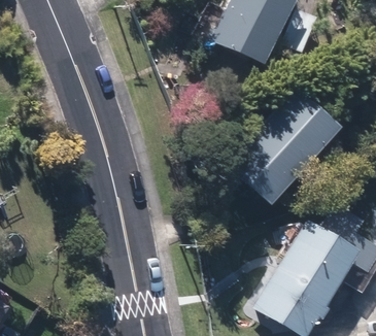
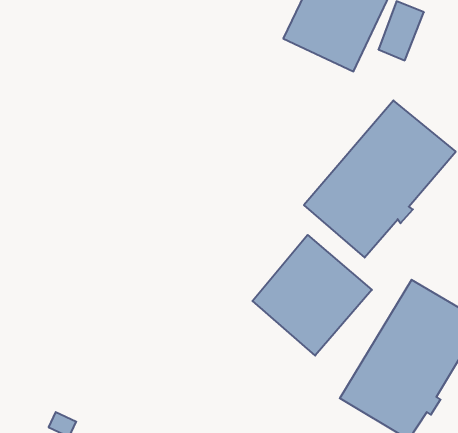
building: none -> [252,235,372,356]

